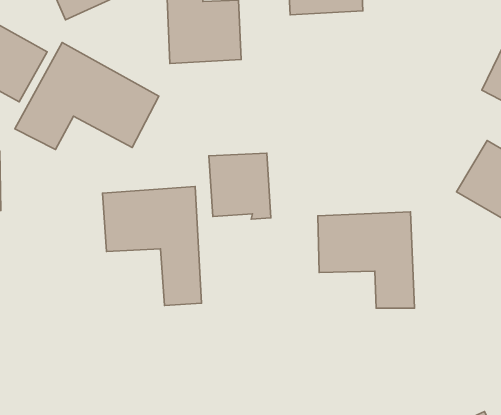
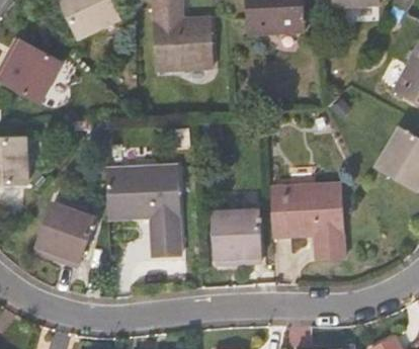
building: [15,43,159,149] -> none
building: [209,153,271,219] -> [213,210,260,261]
building: none -> [36,202,95,266]

